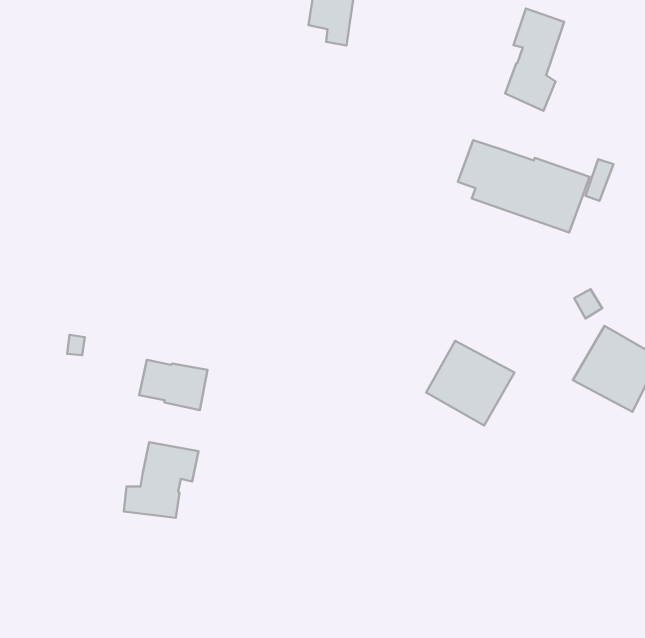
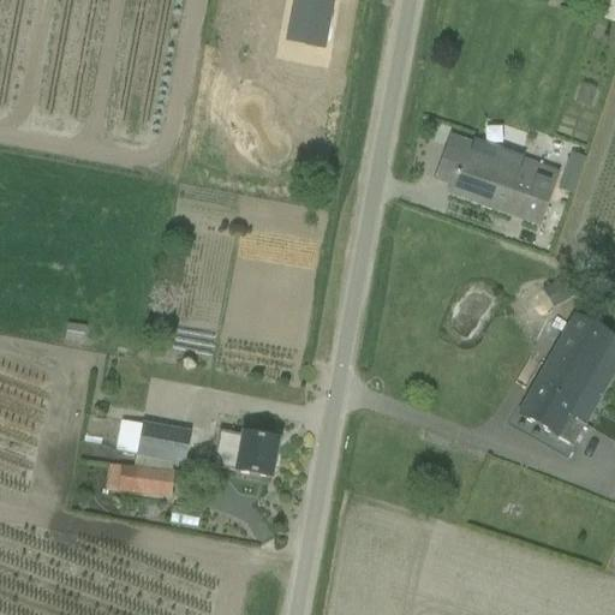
building: [505,9,564,111] -> none
building: [426,341,515,425] -> [518,362,602,442]
building: [139,360,207,410] -> [213,426,277,474]

